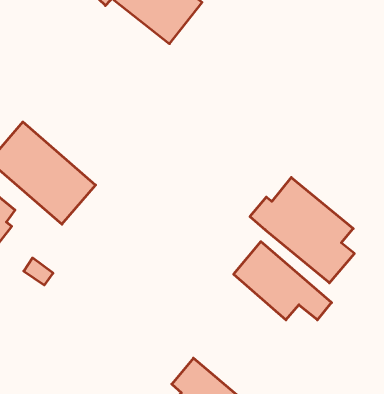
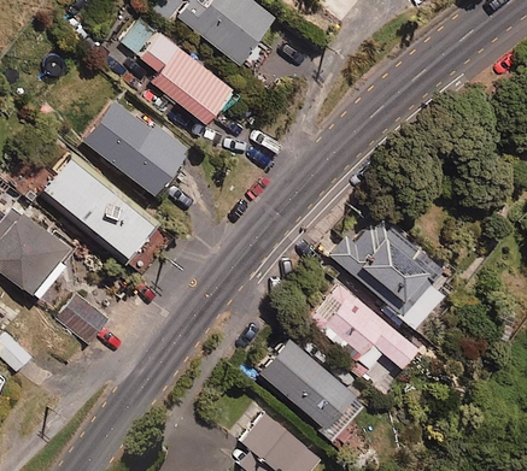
building: none -> [141,33,232,124]
building: none -> [84,101,189,195]
building: none -> [258,336,364,438]

